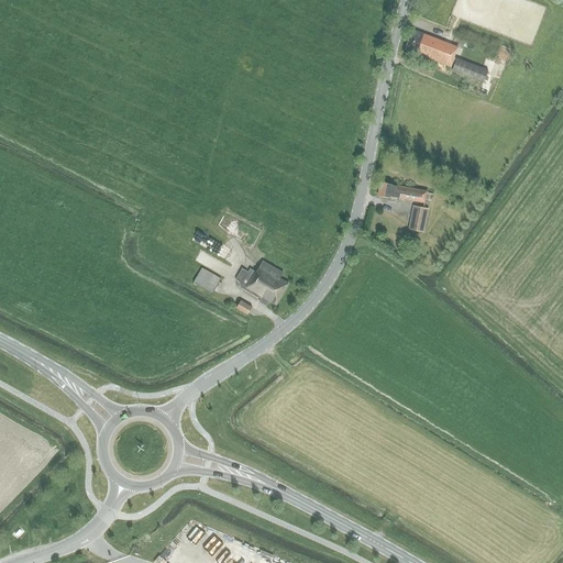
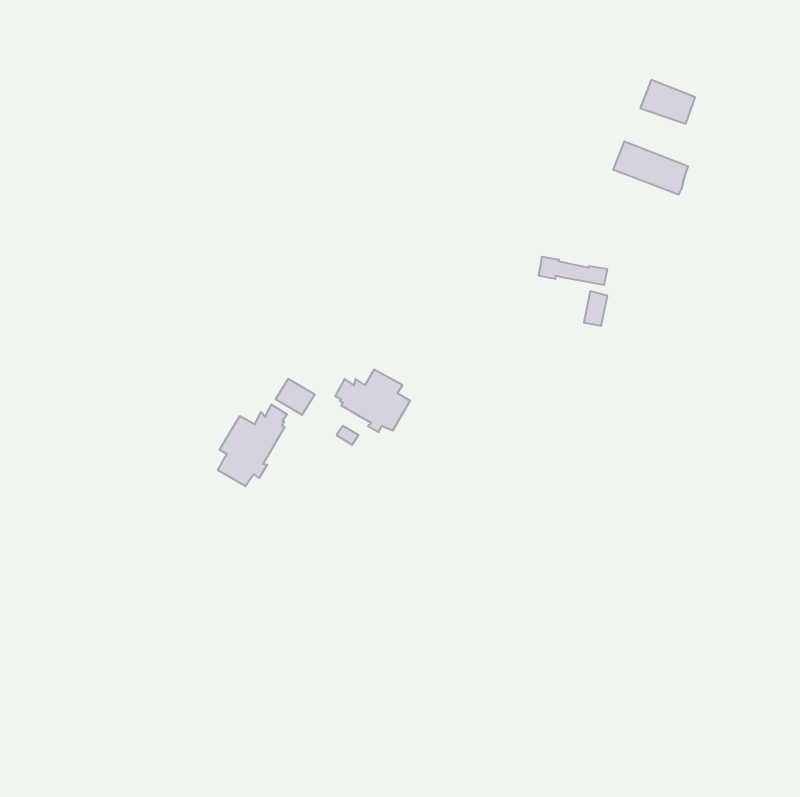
building: [405,27,457,65] -> [613,141,688,195]
building: none -> [218,404,287,486]

